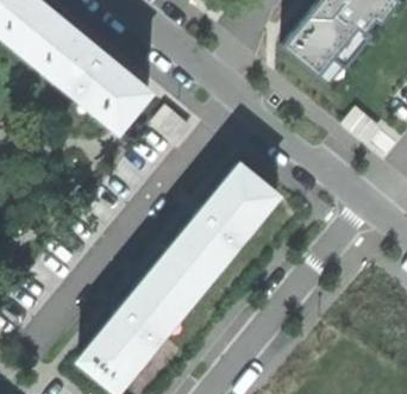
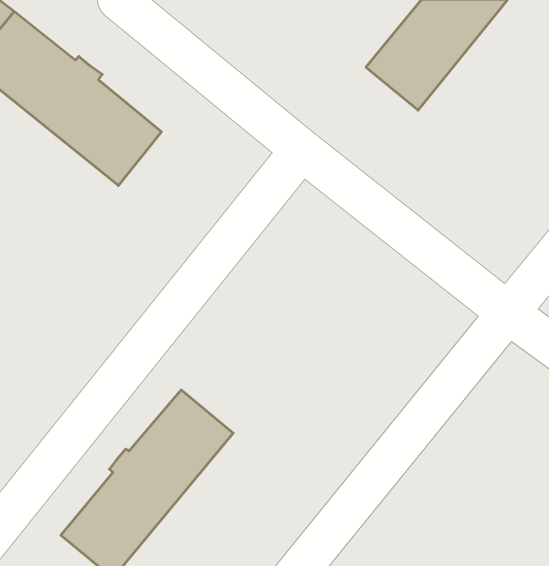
building: [159,167,274,290] -> none

